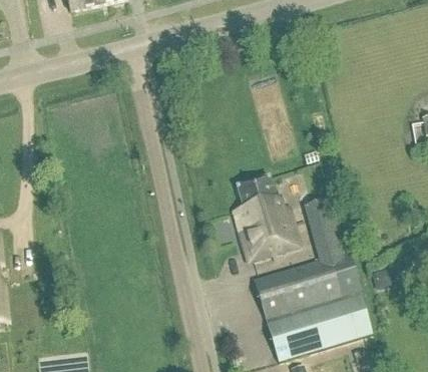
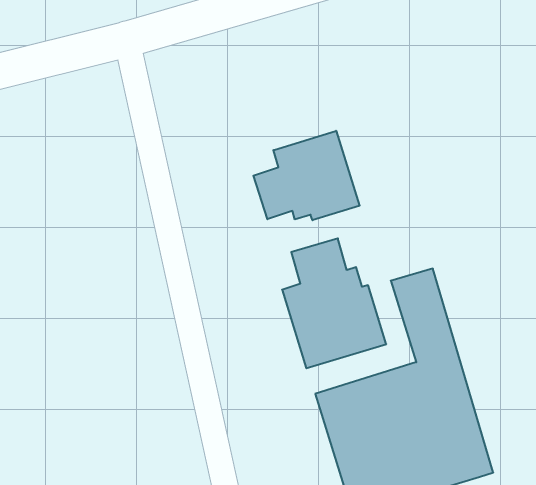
building: none -> [253,131,360,220]

